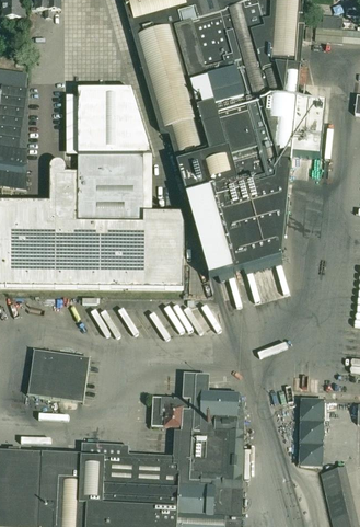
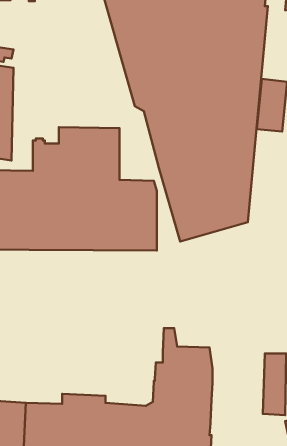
building: [78,83,148,150] -> none
building: [27,348,90,401] -> none
building: [151,394,190,427] -> none

